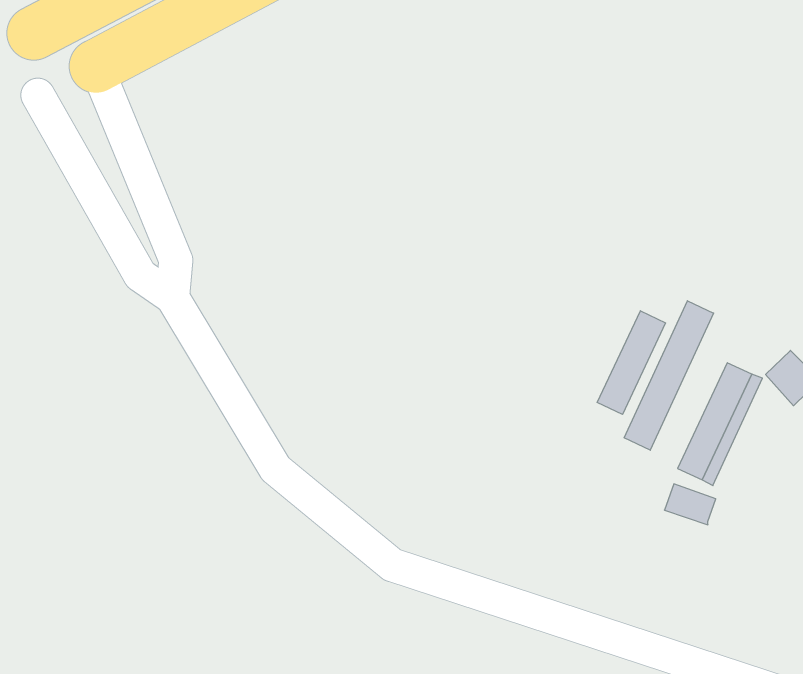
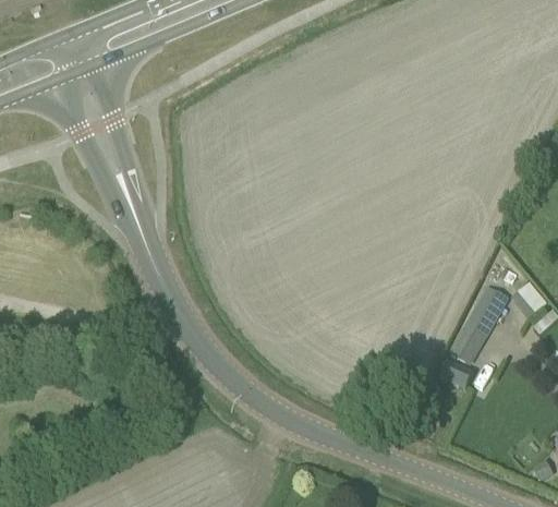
building: [624,301,714,450] -> none
building: [597,311,666,414] -> none

